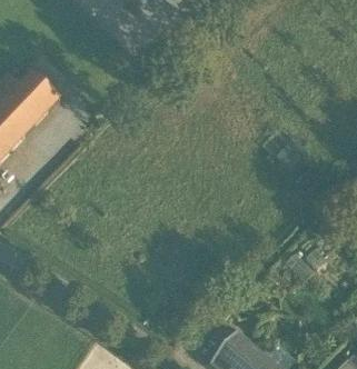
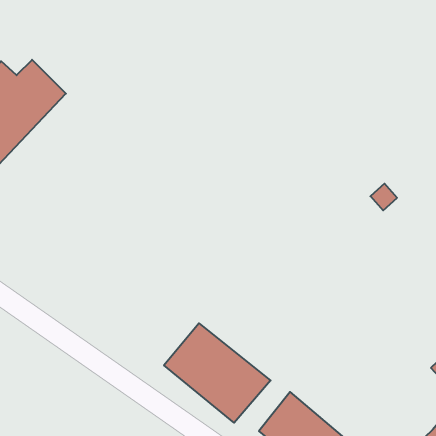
building: none -> [164,323,271,423]

